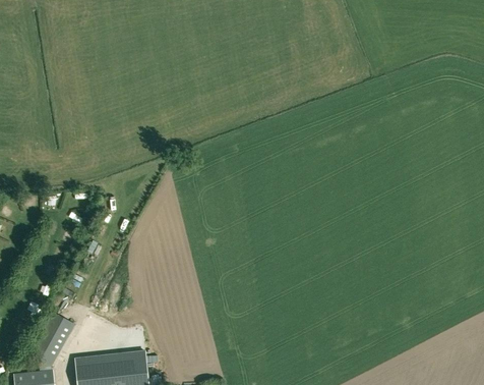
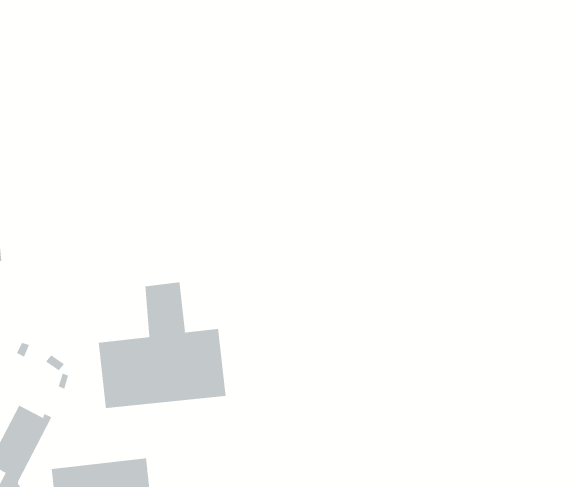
building: none -> [98,282,226,409]

